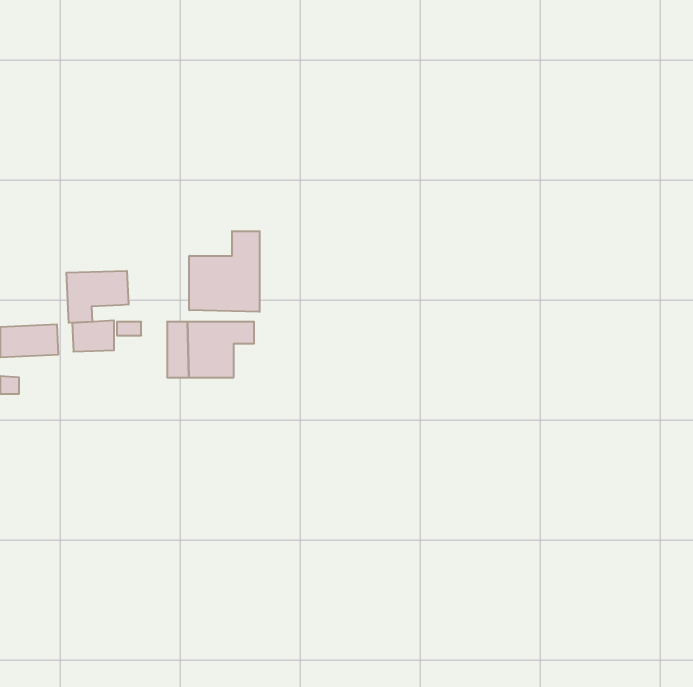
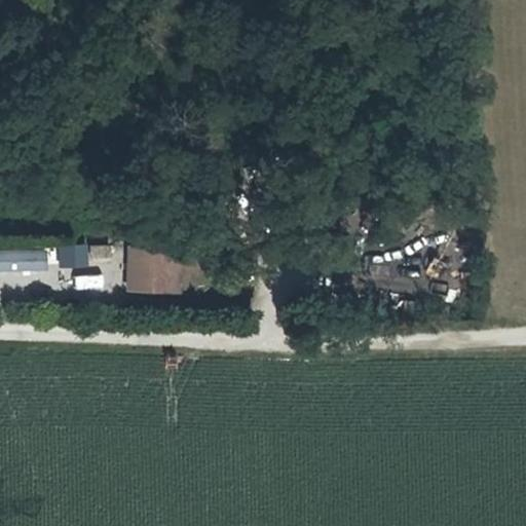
building: [189,231,259,312] -> none
building: [66,271,128,323] -> none

